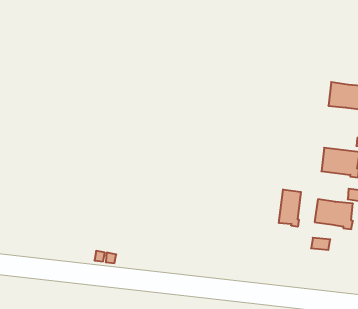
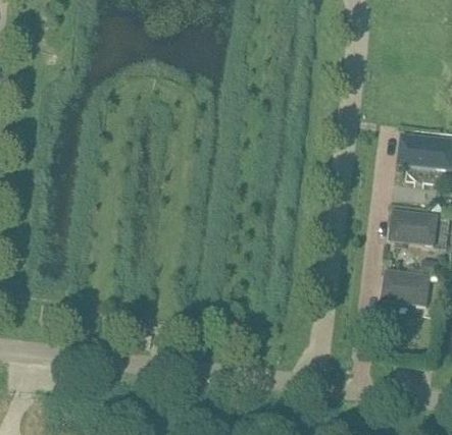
building: [279,189,301,227] -> none

